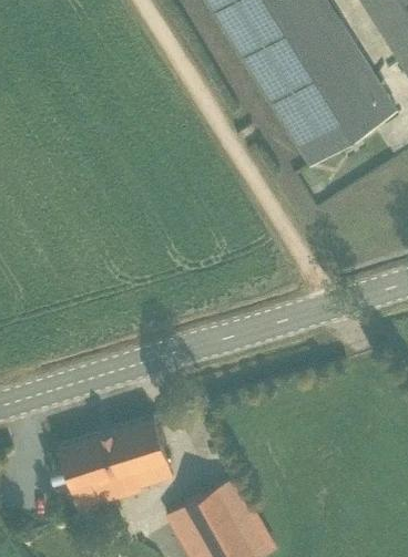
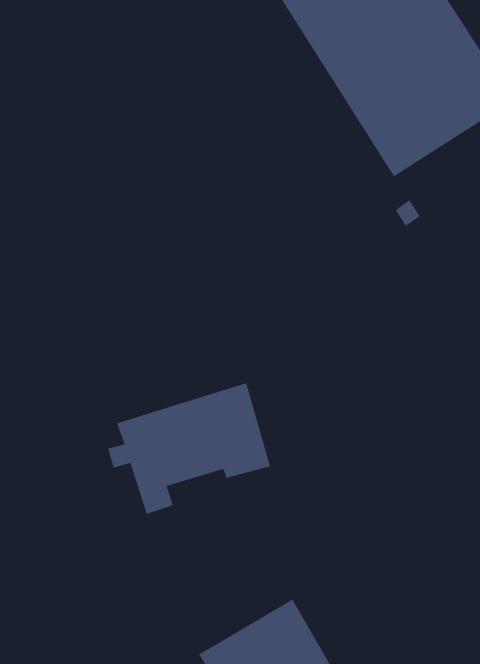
building: [51,417,172,515] -> [107,383,271,515]

